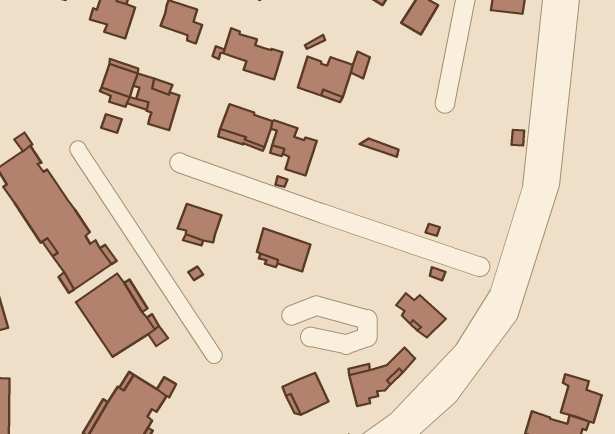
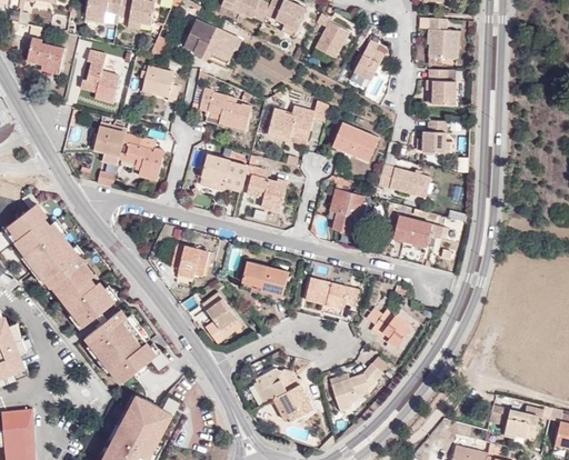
building: none -> [426,70,458,104]
building: none -> [332,122,379,162]
building: none -> [421,120,446,152]
building: none -> [379,164,431,197]
building: none -> [329,189,365,237]
building: none -> [393,216,447,247]
building: none -> [305,278,359,310]
building: none -> [201,292,242,344]
building: none -> [253,369,292,403]
building: [561,374,602,423] -> none

